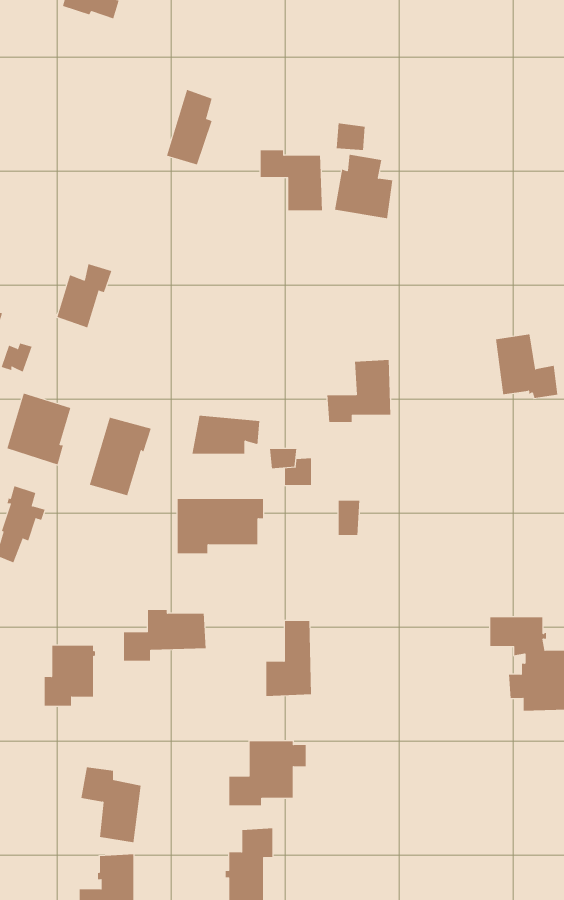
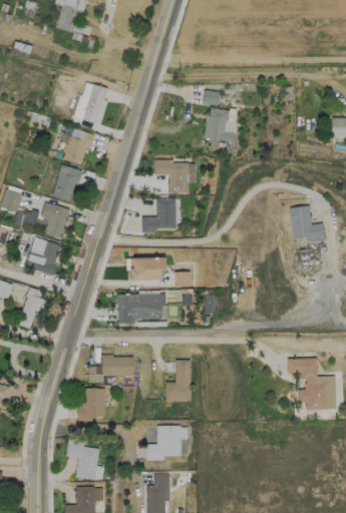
building: [166,89,212,165] -> [83,83,108,124]
building: [260,150,323,211] -> [154,159,189,192]
building: none -> [61,127,93,164]
building: none -> [41,201,71,238]
building: [327,360,391,423] -> [141,197,177,231]
building: [89,417,151,496] -> none
building: [44,645,96,706] -> [78,388,106,421]

